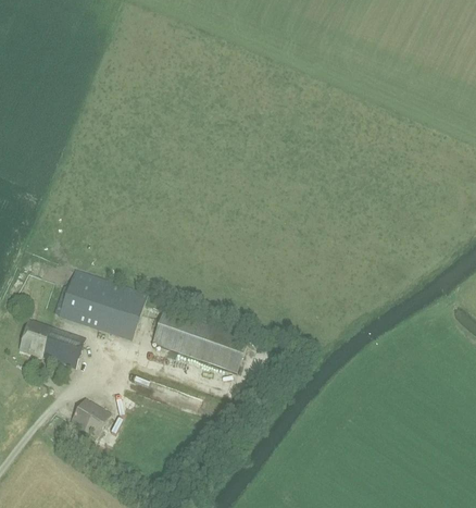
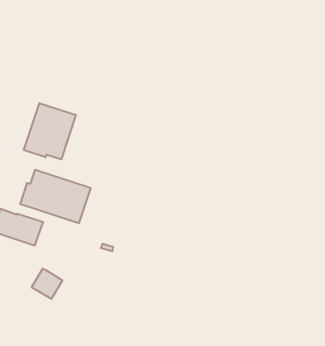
building: none -> [24,103,76,159]
building: [152,311,248,373] -> none

